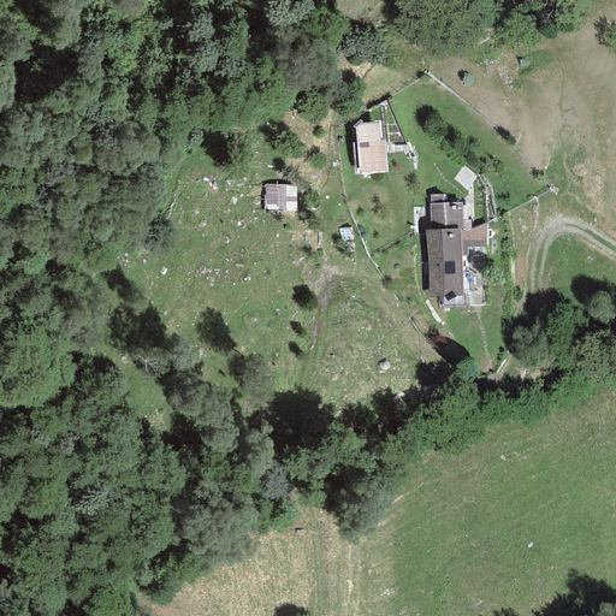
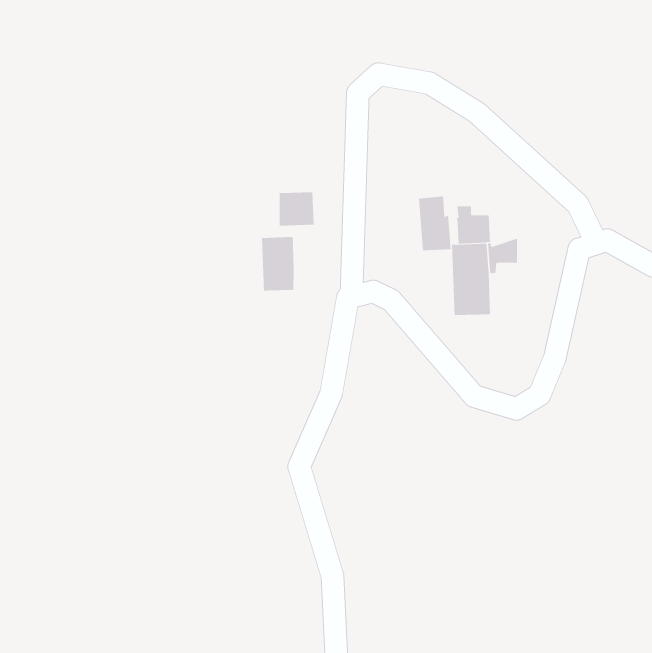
building: [356,122,387,173] -> [418,196,451,251]
building: none -> [262,236,294,292]

